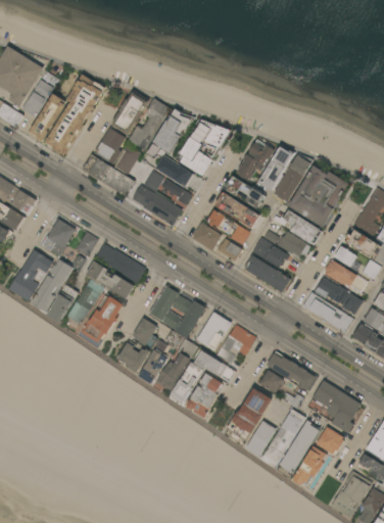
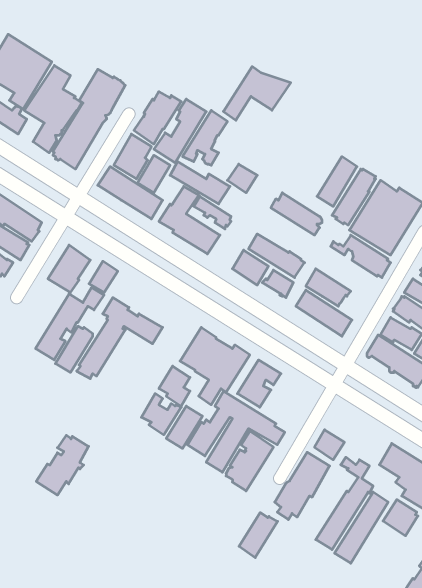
building: [179,116,234,160] -> [223,67,291,120]
building: [237,140,275,180] -> none
building: [213,191,259,228] -> none
building: [263,231,310,257] -> none
building: [94,243,146,284] -> none
building: [8,250,53,302] -> none
building: [80,295,123,344] -> [36,435,89,495]
building: [215,325,256,365] -> none
building: [267,351,318,392] -> none
building: [245,421,277,458] -> [239,513,278,558]
building: [293,446,327,486] -> none

